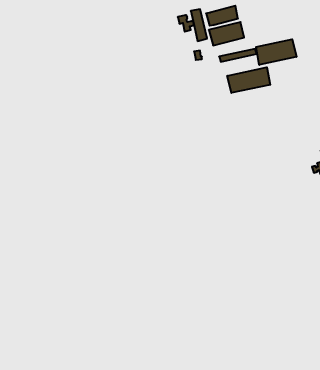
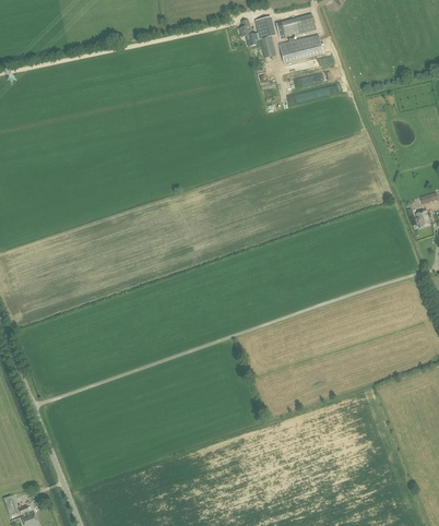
building: [256,39,296,65] -> none
building: [227,67,270,93] -> none

